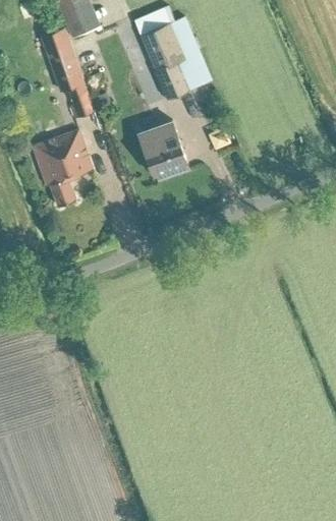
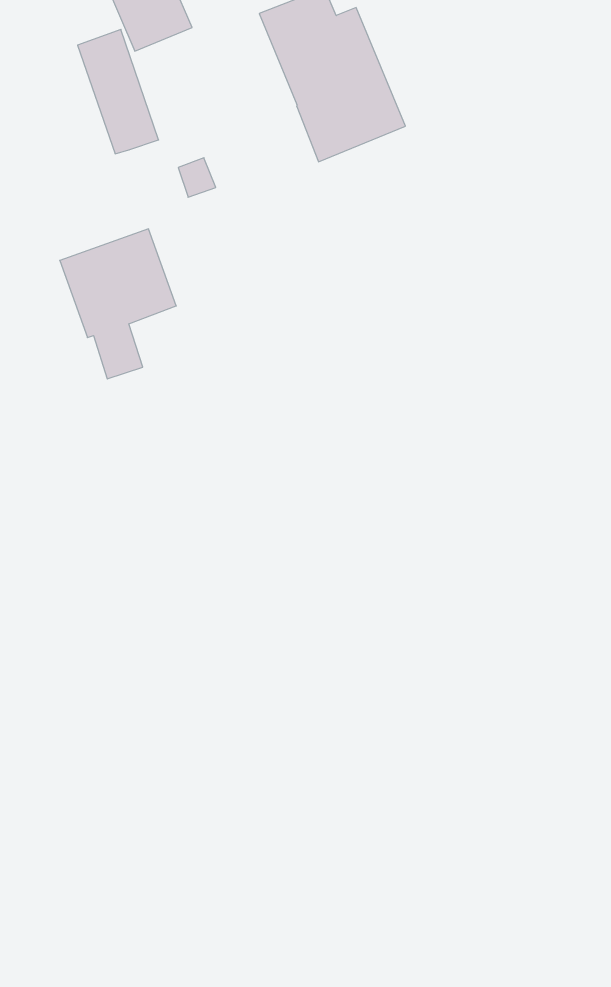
building: [68,83,94,118] -> none
building: [138,120,186,173] -> none

